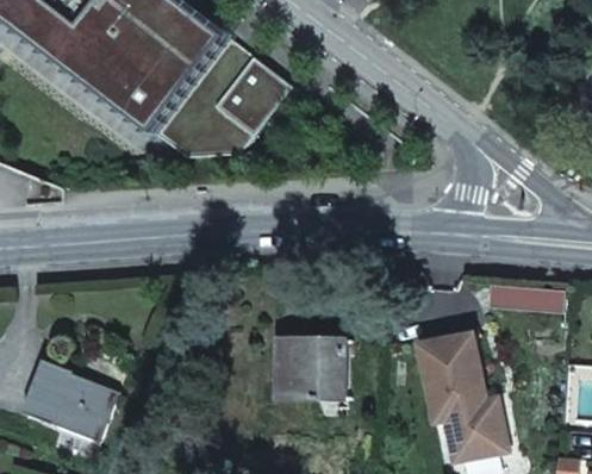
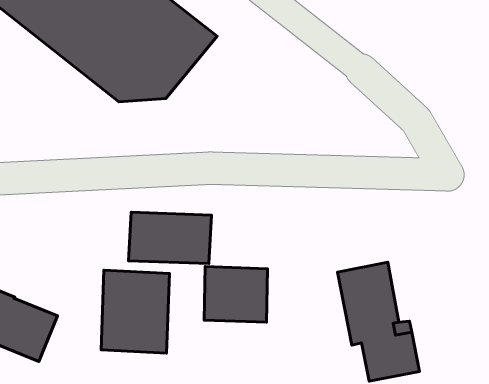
building: none -> [128,212,212,264]
building: none -> [101,270,169,353]

